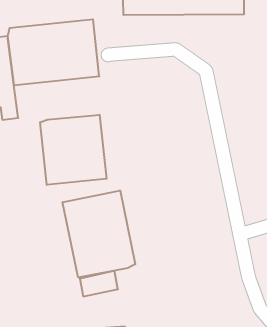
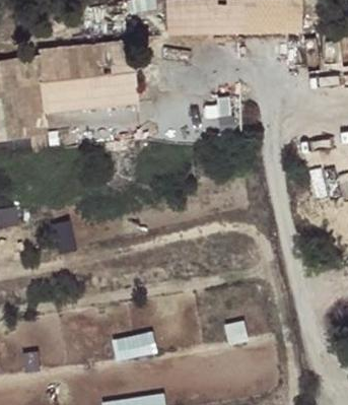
building: [40,115,107,185] -> none
building: [63,190,135,277] -> none

